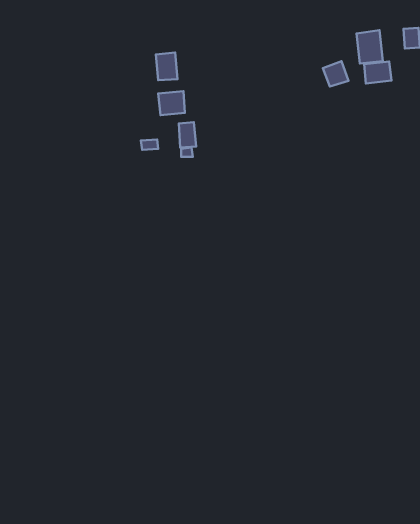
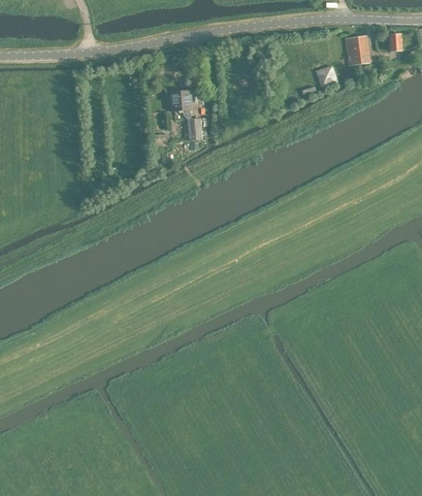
building: [156,52,178,80] -> none
building: [364,61,392,83] -> none

